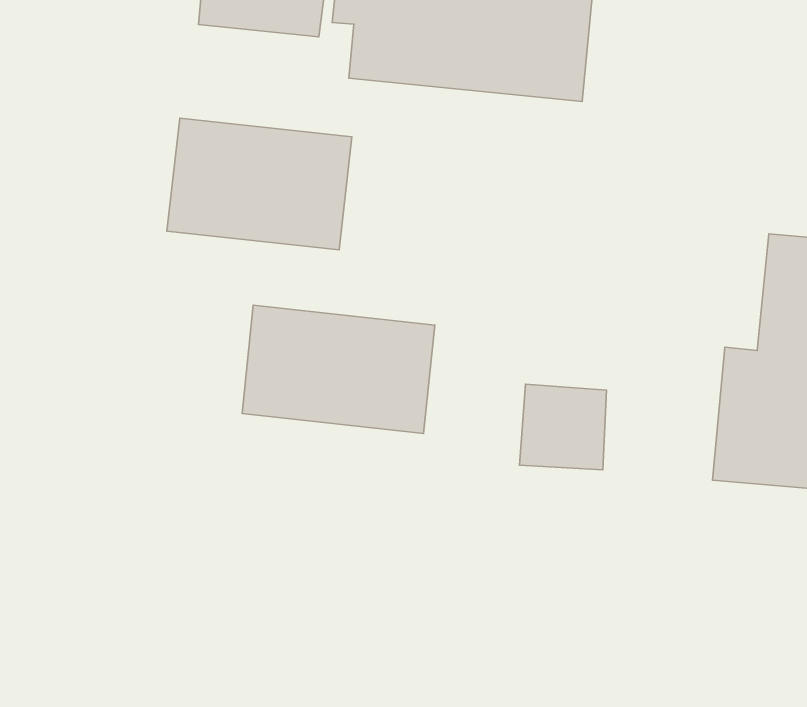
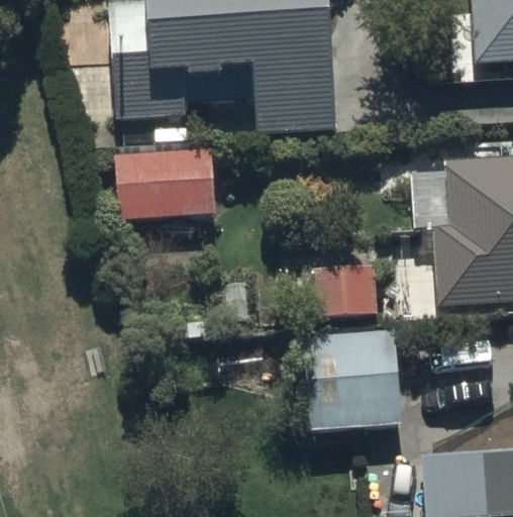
building: [242,305,435,433] -> none
building: none -> [306,332,402,430]

